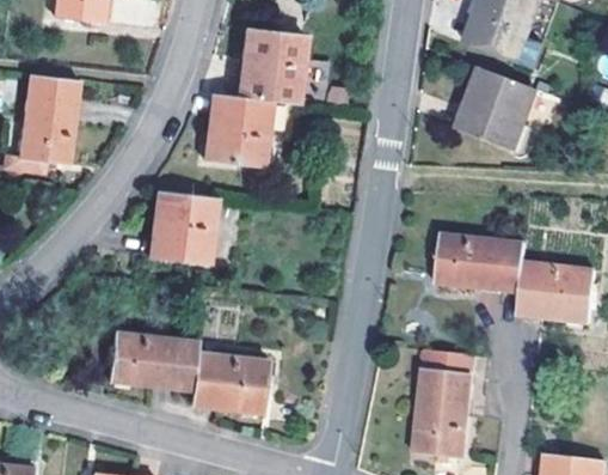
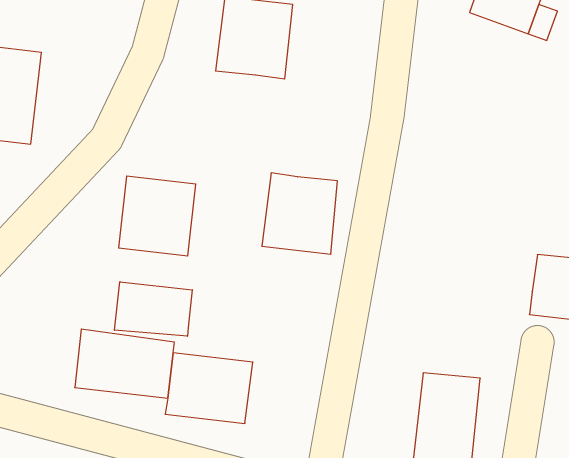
building: [457,68,538,152] -> none
building: [204,93,272,166] -> [262,173,337,254]
building: [436,233,527,296] -> none
building: none -> [114,282,192,336]

